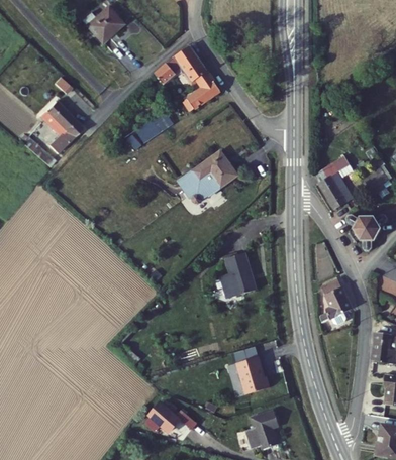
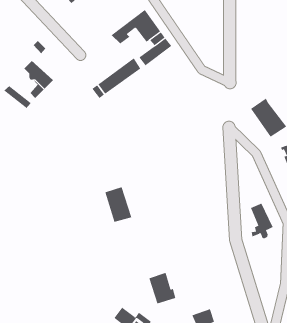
building: [178,157,236,210] -> none
building: [221,255,255,299] -> [105,186,132,222]
building: [235,358,269,396] -> [148,272,176,304]

